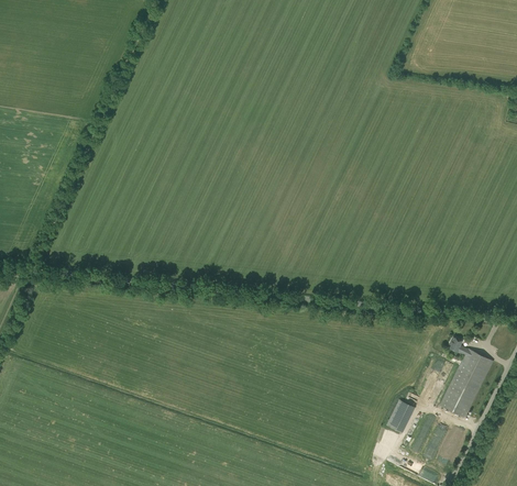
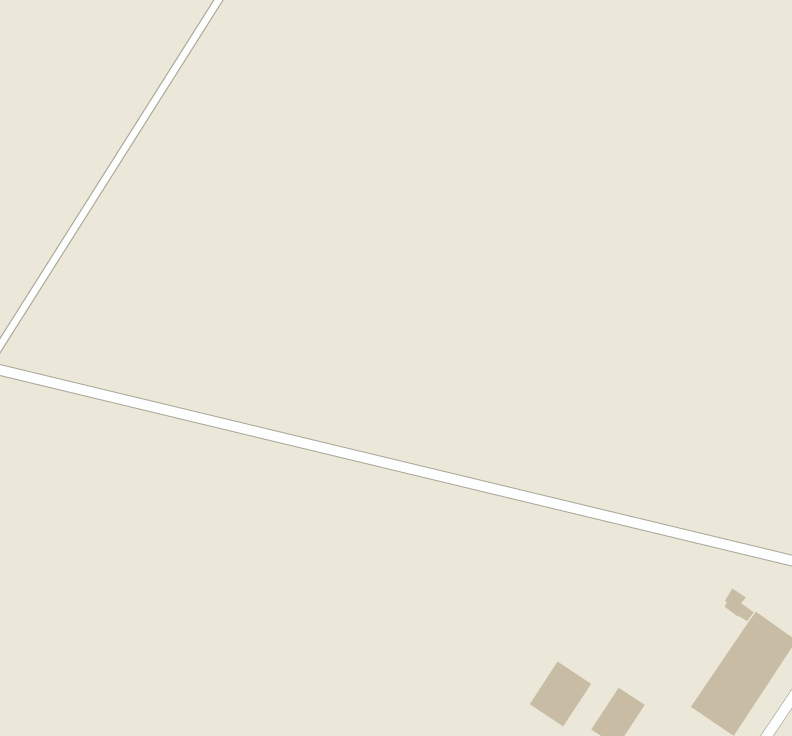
building: none -> [529,660,592,728]

